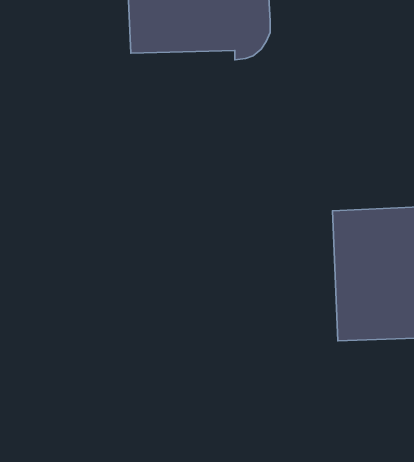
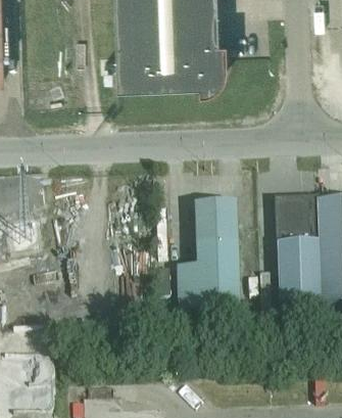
building: none -> [178,206,240,315]

